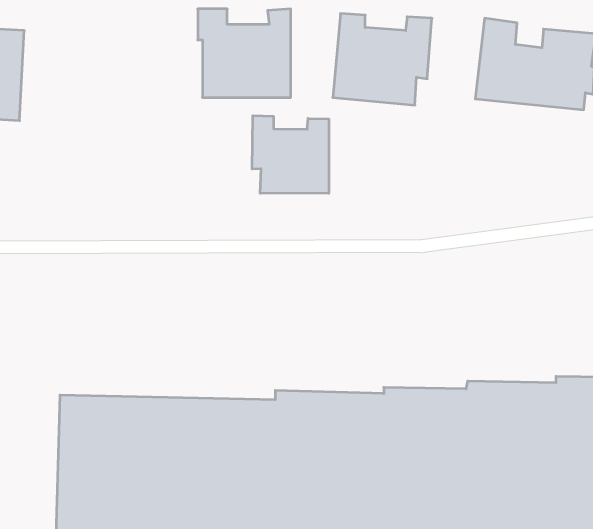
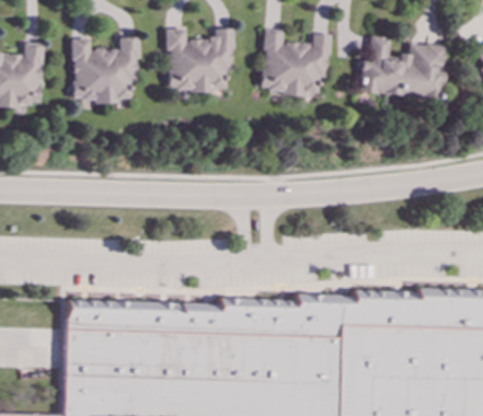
building: none -> [72,36,138,101]
building: [252,116,329,193] -> none

